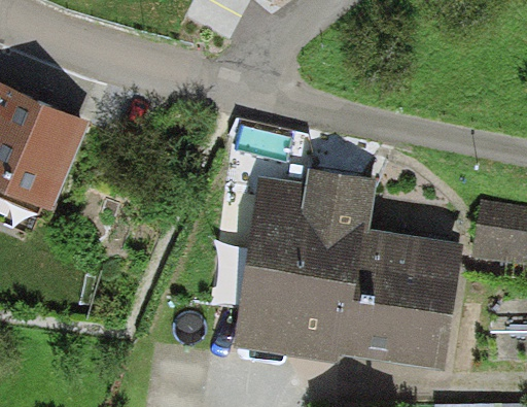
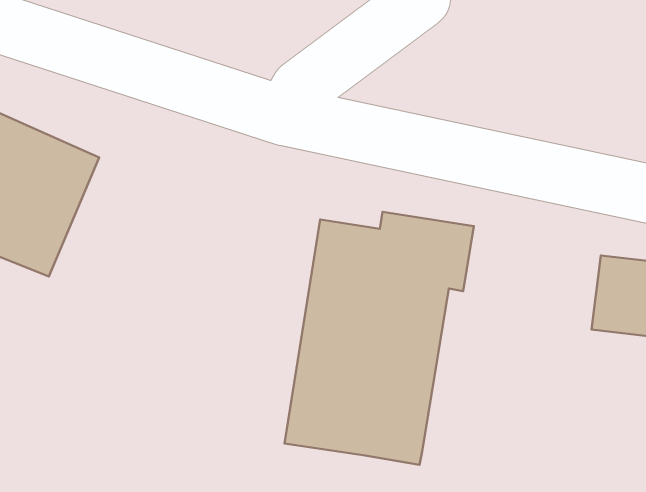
building: [340,226,464,369] -> none

